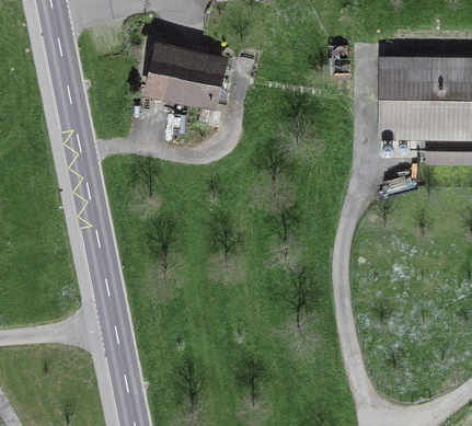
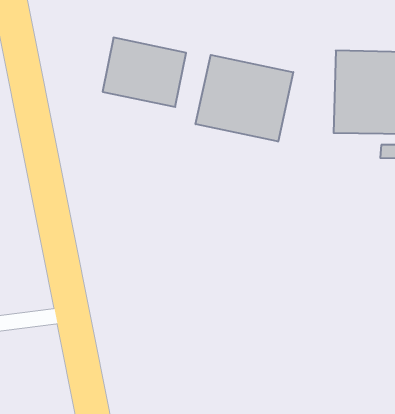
building: none -> [196,55,293,142]

